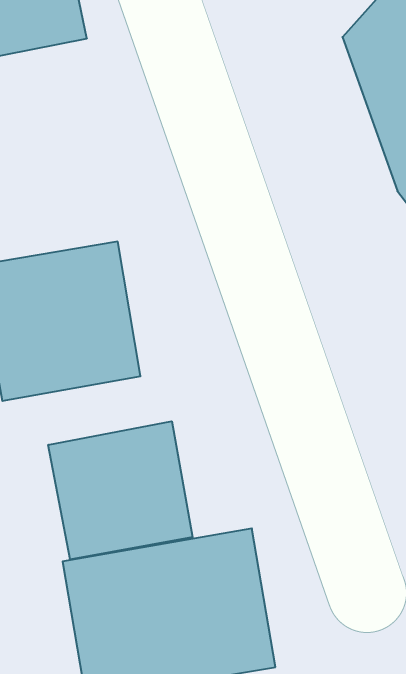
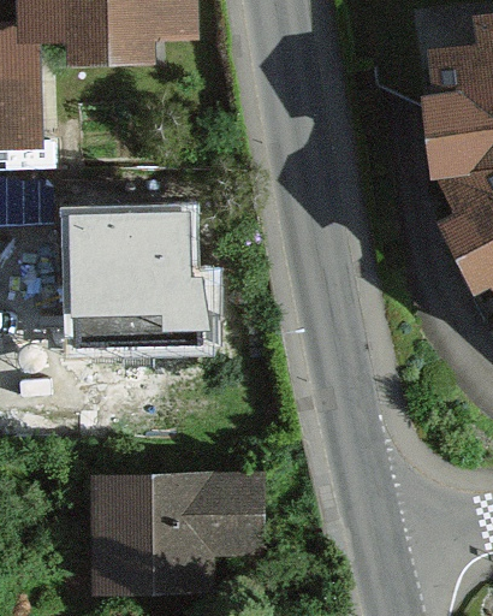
building: [48,421,193,559] -> none

